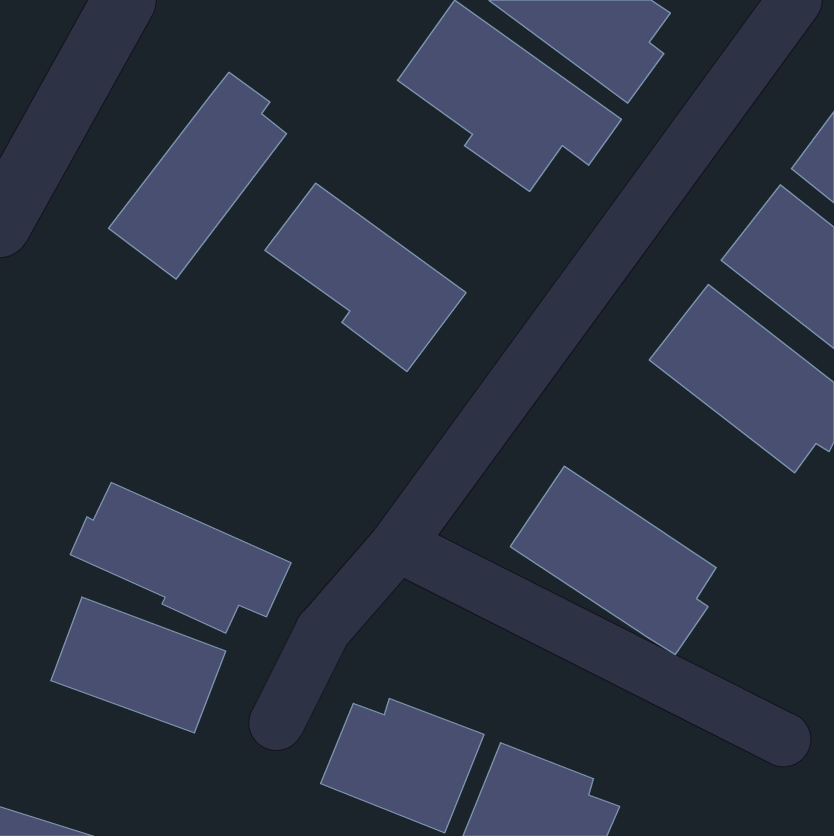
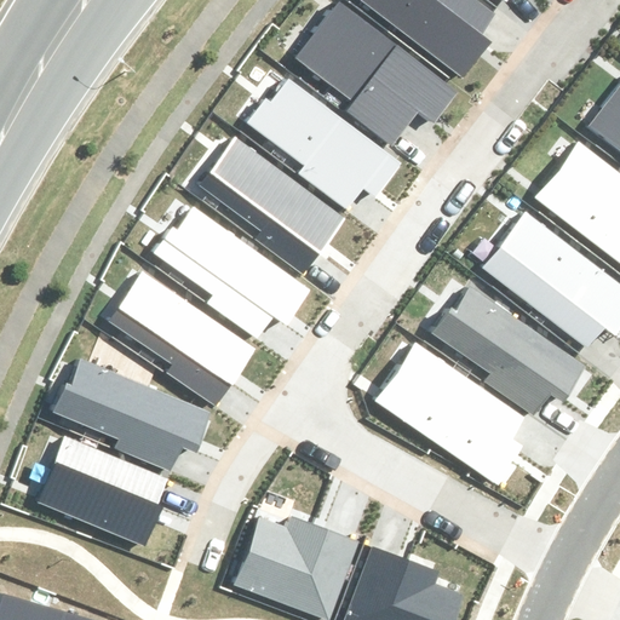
building: [109,72,287,279] -> none
building: none -> [247,73,404,201]
building: none -> [151,207,309,334]
building: none -> [107,270,257,408]
building: none -> [432,287,585,419]

